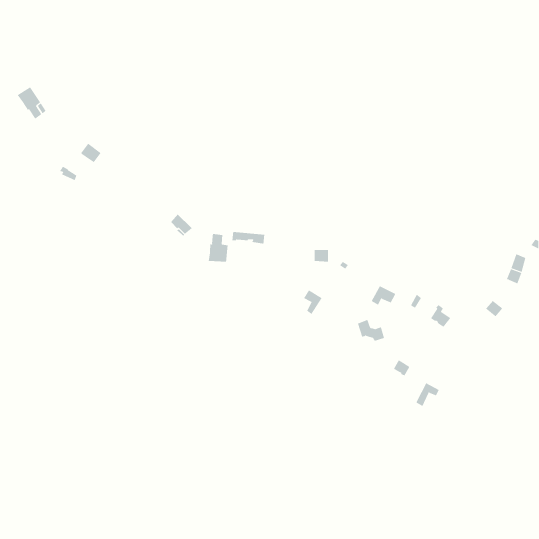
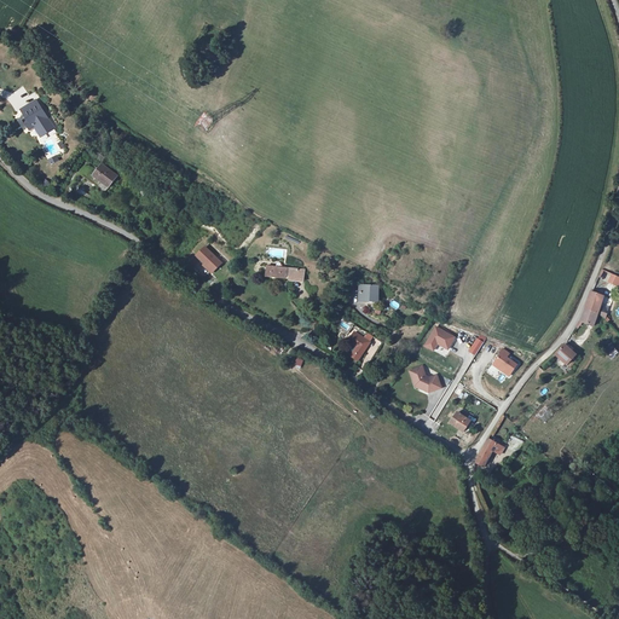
building: [208,233,228,263] -> none

